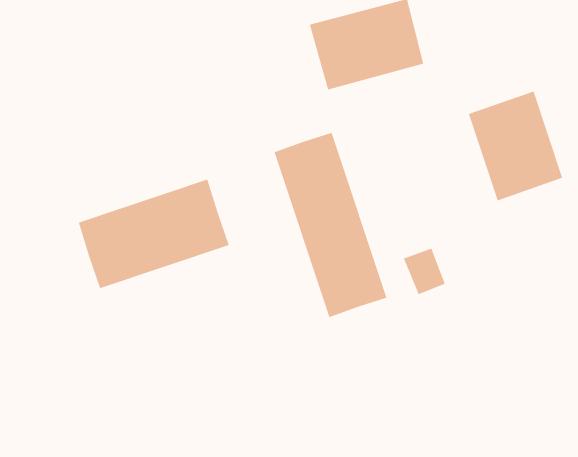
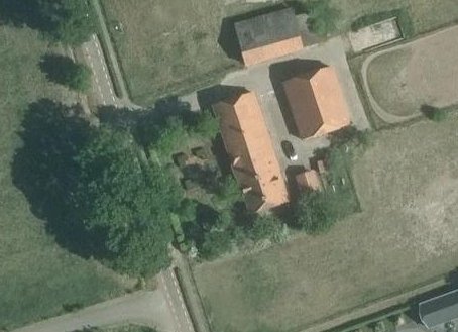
building: [468,91,563,201] -> [282,66,345,138]
building: [78,179,230,289] -> none

